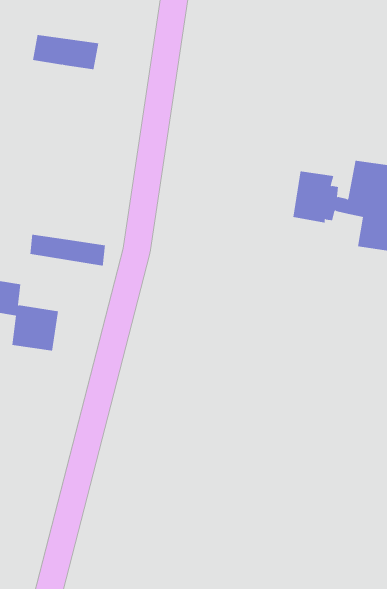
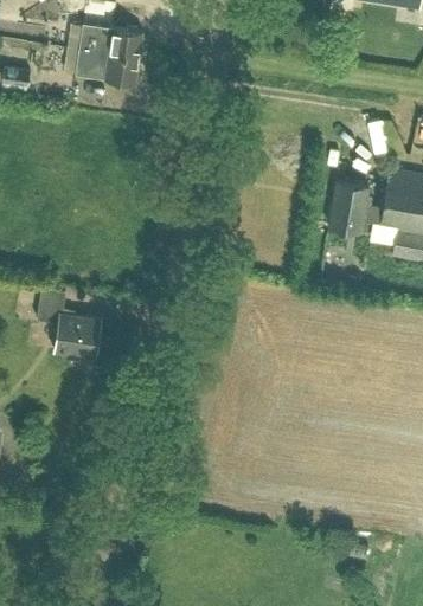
building: none -> [79,24,143,58]
building: [30,234,106,266] -> none

